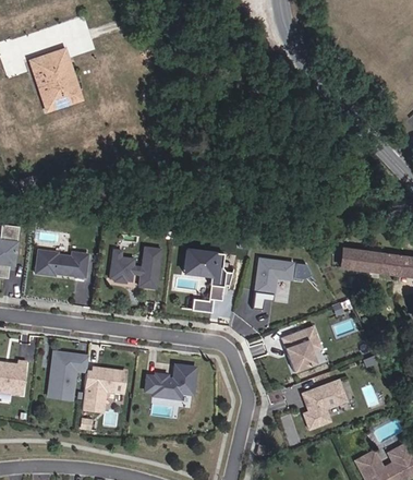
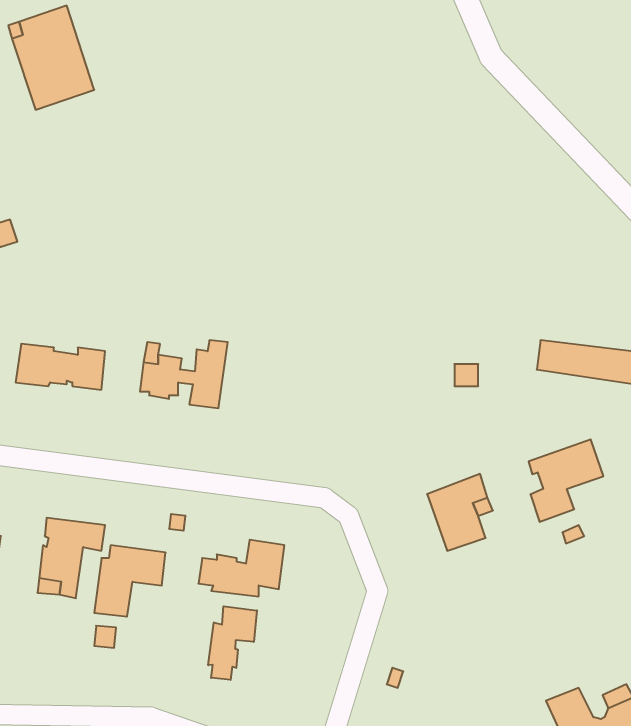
building: [184,250,232,313] -> none
building: [254,255,294,308] -> none
building: [302,382,347,431] -> [529,439,603,522]
building: none -> [208,606,257,680]

